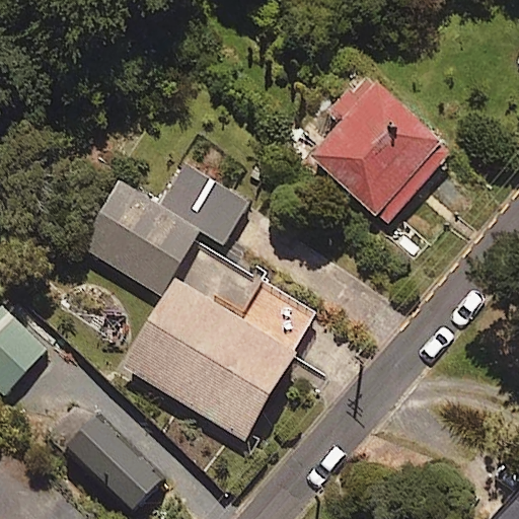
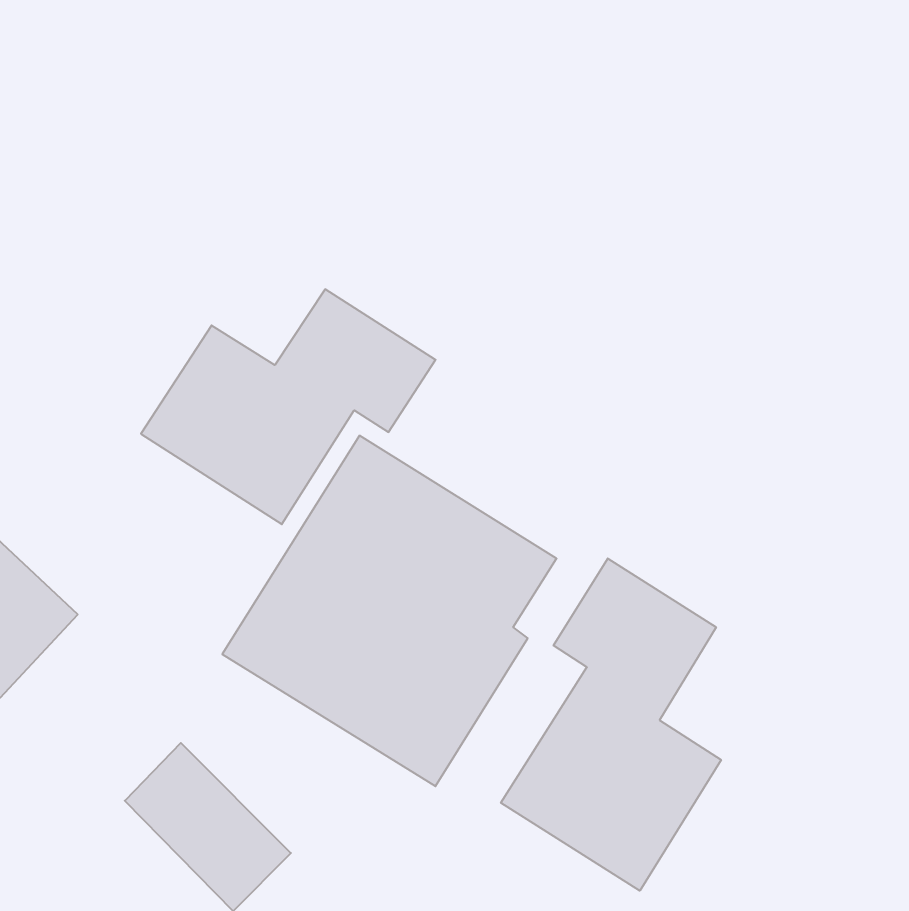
building: [312,76,449,223] -> none
building: none -> [501,558,721,891]

